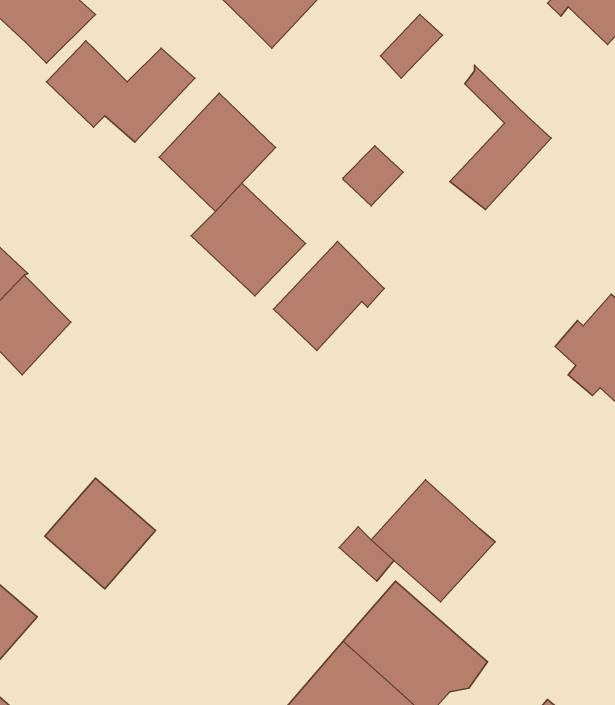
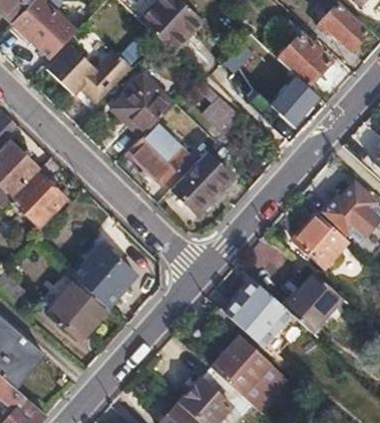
building: none -> [279,36,328,86]
building: none -> [292,212,347,267]
building: none -> [72,245,137,308]
building: none -> [282,273,340,330]

